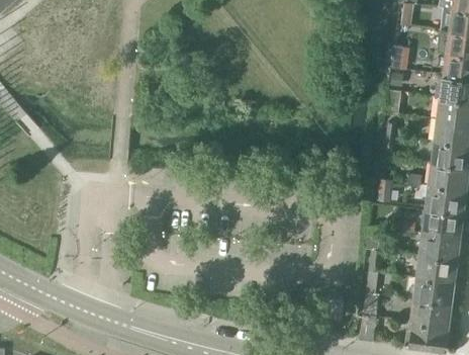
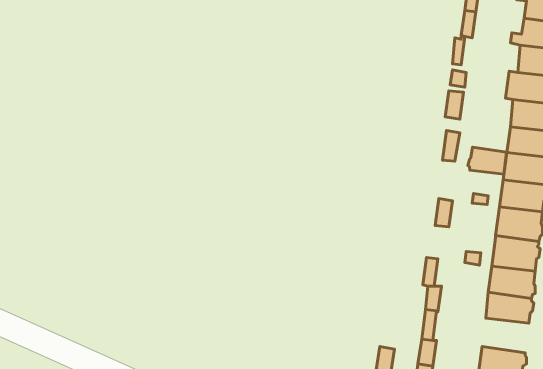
building: none -> [468,147,506,174]
building: [414,277,453,305] -> none

